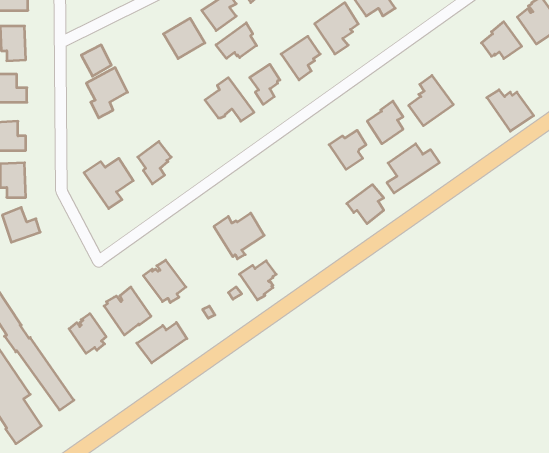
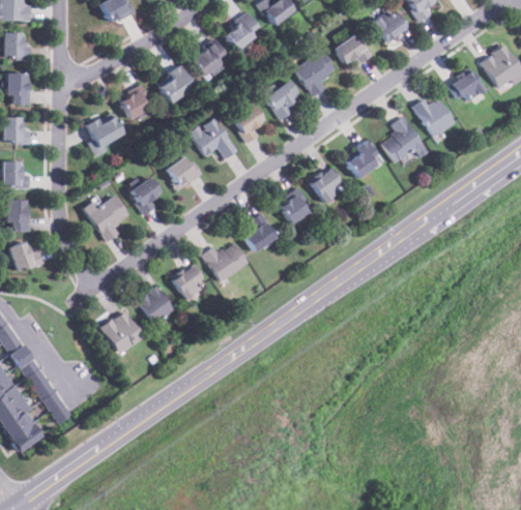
building: [216,23,257,58] -> none
building: [81,45,111,76] -> [120,89,148,118]
building: [487,90,534,131] -> [414,99,458,138]
building: none -> [169,158,204,191]
building: [387,144,439,193] -> none
building: none -> [244,214,277,254]
building: [347,185,384,224] -> [274,189,309,226]
building: [239,261,276,300] -> [172,266,206,302]
building: [69,314,106,353] -> none
building: [137,322,187,363] -> none

